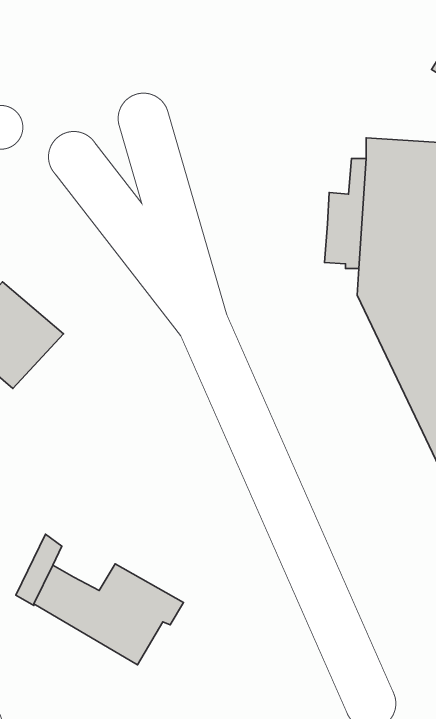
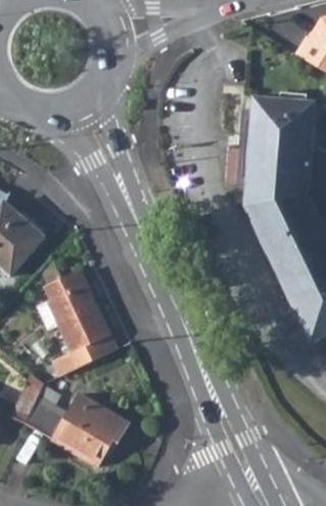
building: none -> [45,269,118,374]

